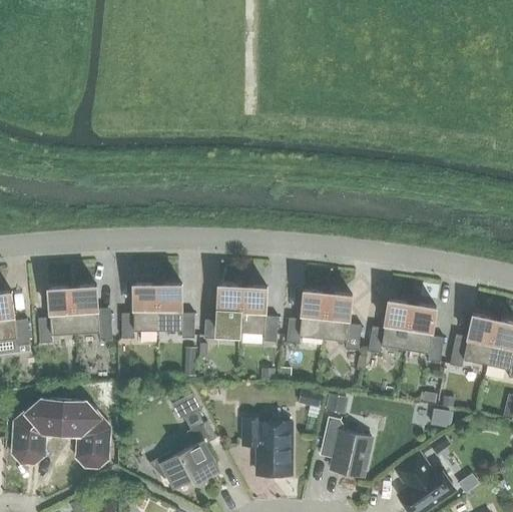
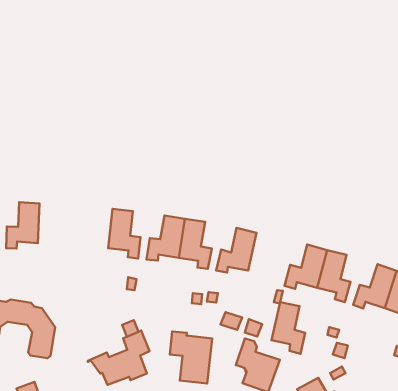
building: [121,284,157,338] -> none
building: [72,286,111,339] -> none
building: [323,293,361,350] -> [272,302,305,354]

